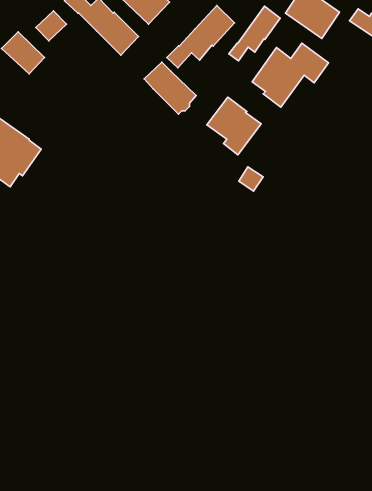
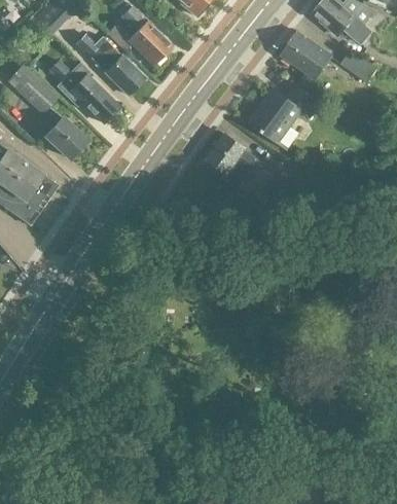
building: [167,5,235,68] -> none
building: [229,6,280,61] -> none
building: [144,62,196,114] -> [69,74,117,122]
building: none -> [43,111,85,157]

